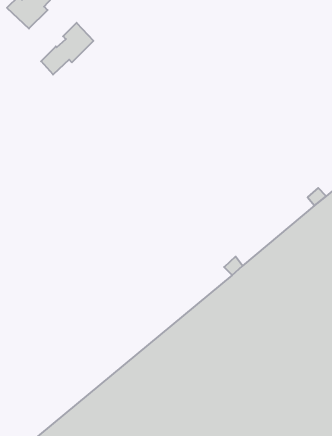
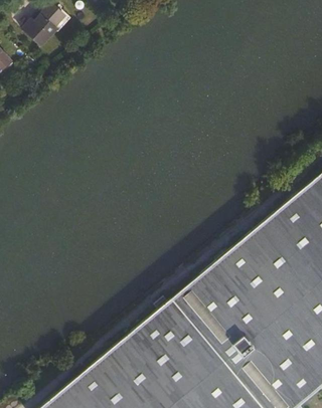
building: [41,23,93,75] -> none

